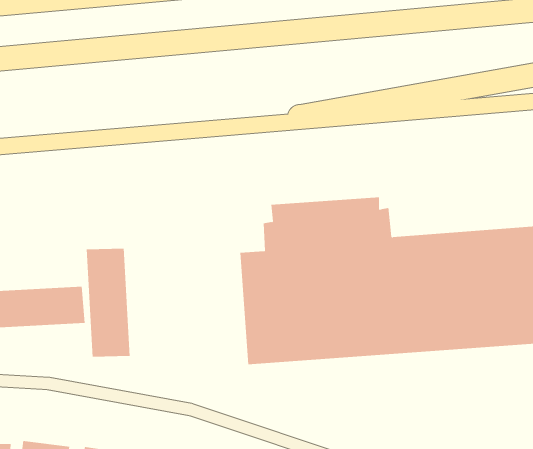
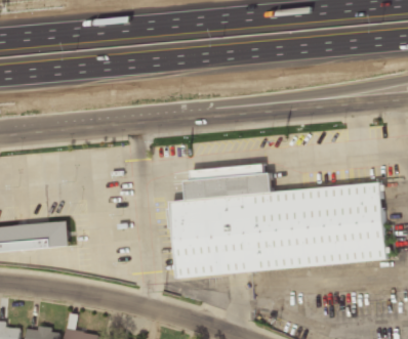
building: [86,248,130,358] -> none

